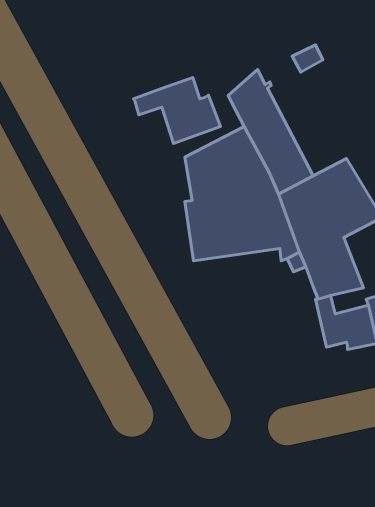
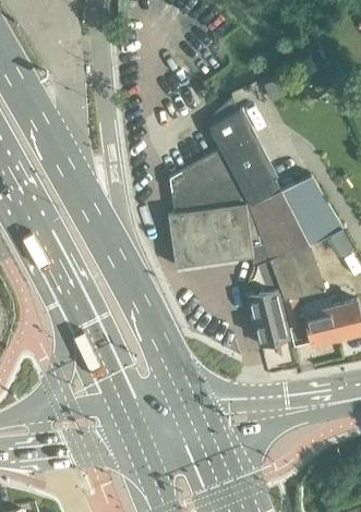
building: [133,77,221,143] -> none
building: none -> [249,291,291,346]

